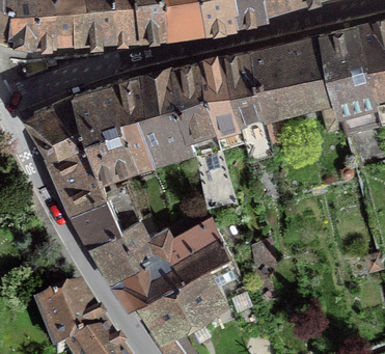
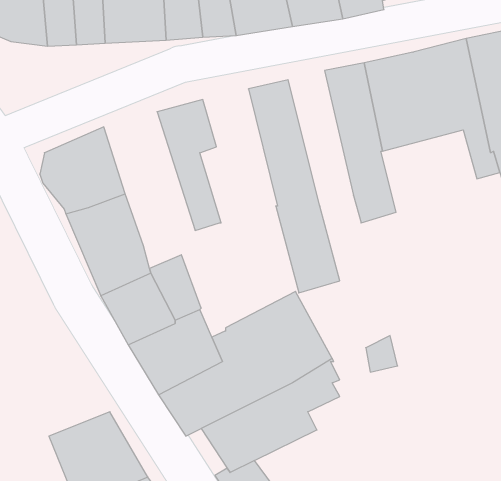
building: [200,59,245,152] -> none
building: [140,72,193,163] -> none
building: [75,87,137,179] -> none

